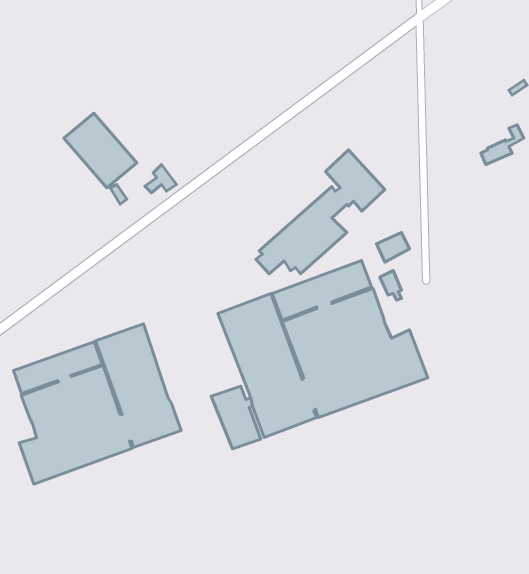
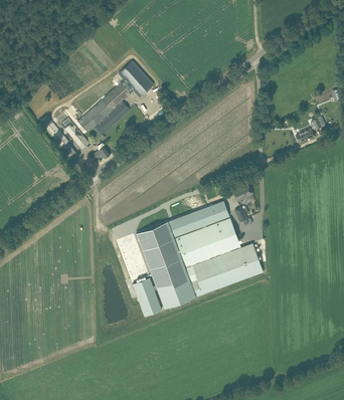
building: [256,150,385,274] -> [75,59,154,135]
building: [13,324,181,484] -> none

